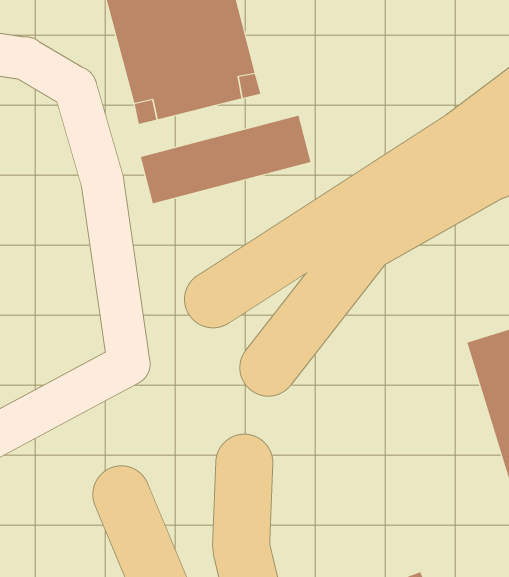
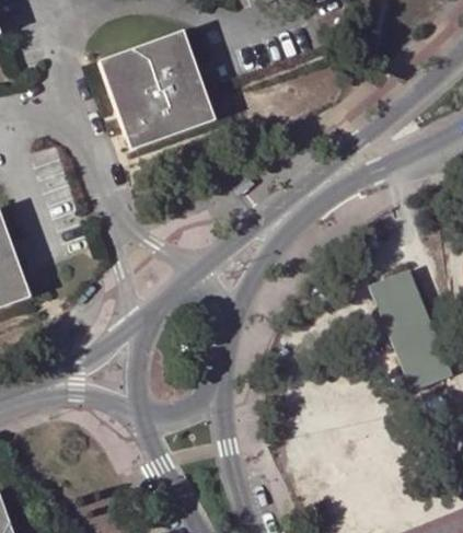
building: [140,115,311,204] -> none

